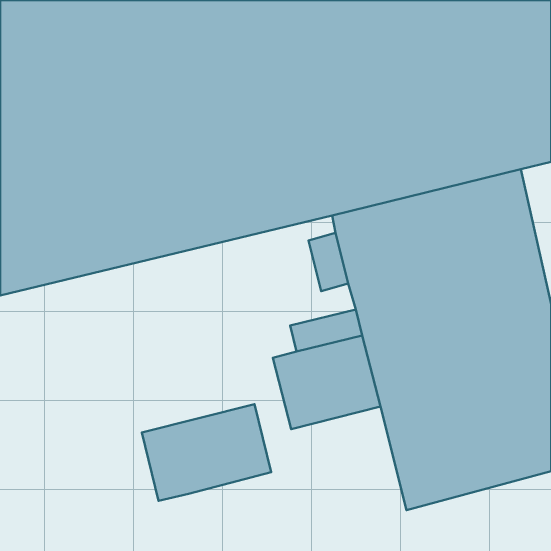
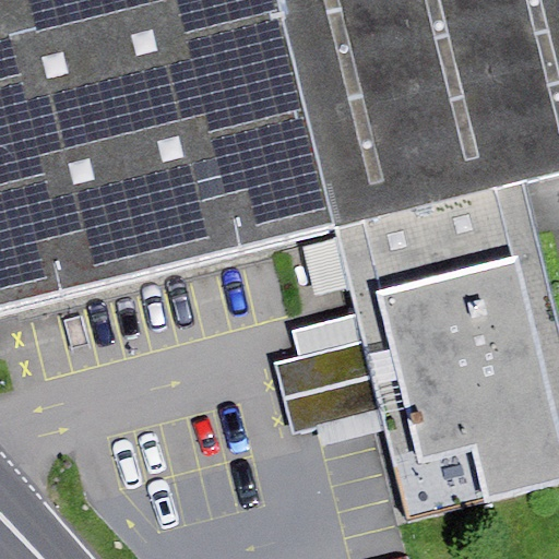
building: [142,404,271,501] -> none

